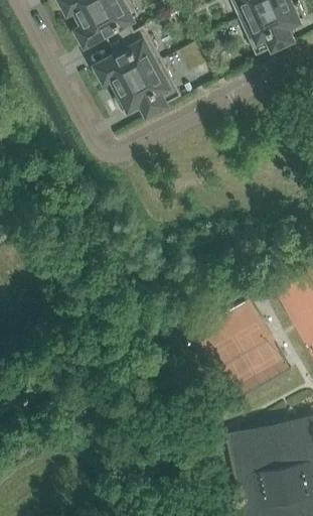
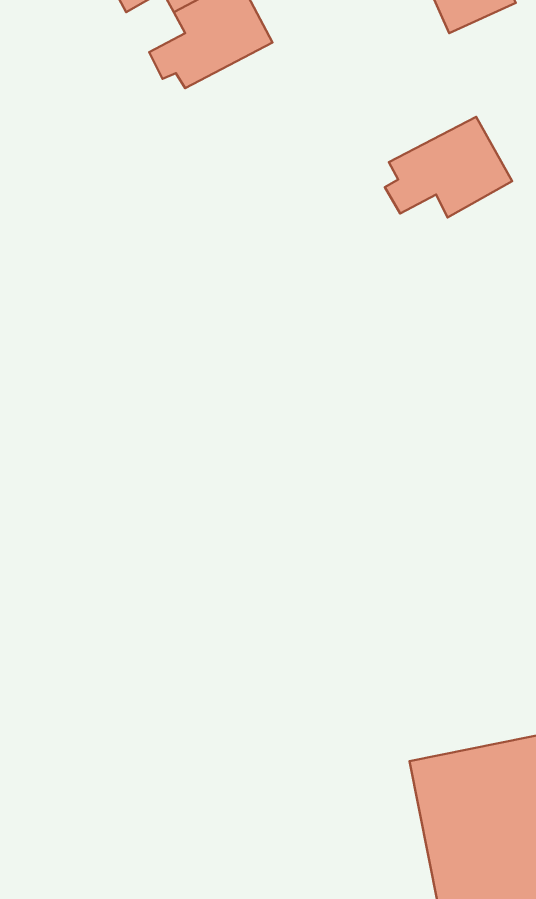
building: [112,58,179,112] -> [385,117,512,217]

